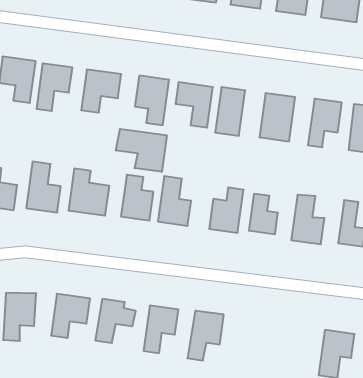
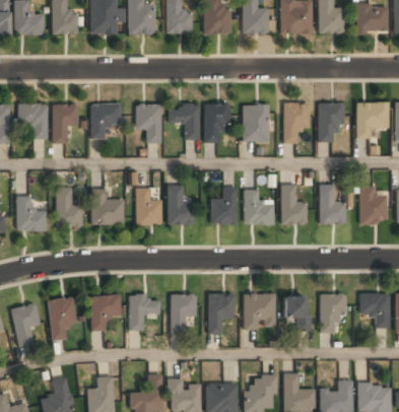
building: [116,129,167,172] -> none
building: none -> [244,294,275,329]
building: none -> [284,296,310,331]

